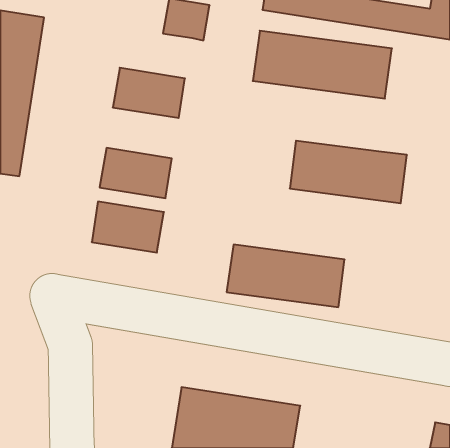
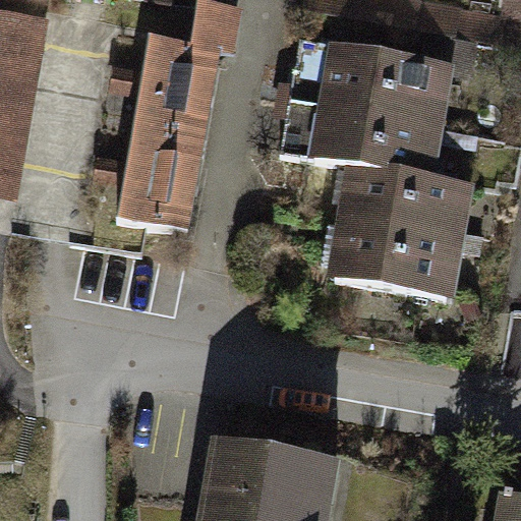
building: none -> [138,32,222,91]
building: none -> [284,94,445,175]
building: [92,202,164,253] -> [123,124,207,183]
building: [227,245,345,307] -> [327,218,463,290]

